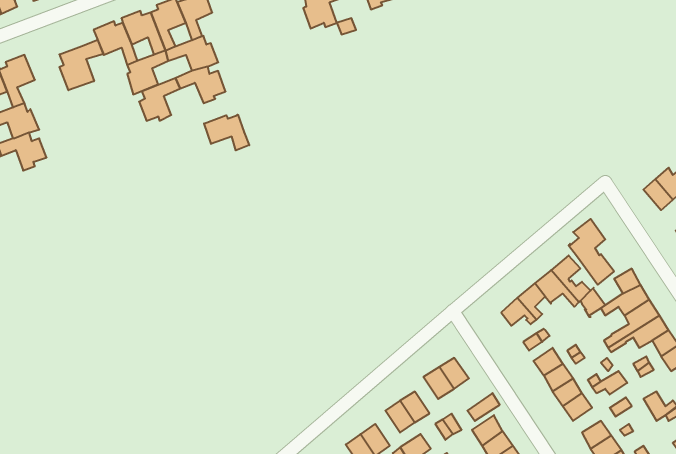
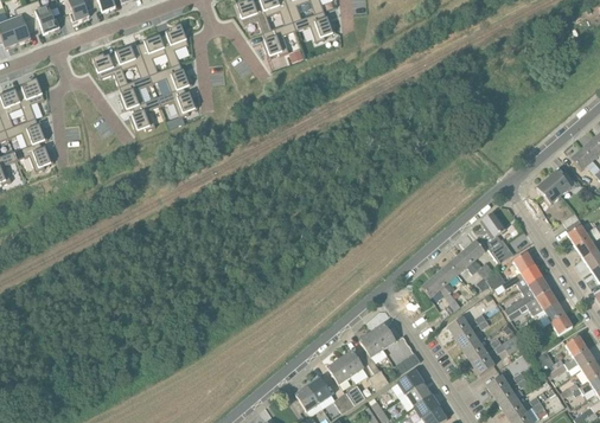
building: [59,40,103,90] -> none
building: [204,115,249,150] -> none

